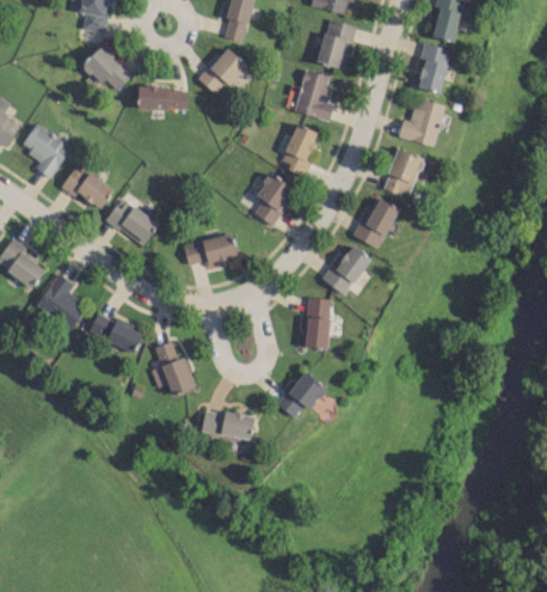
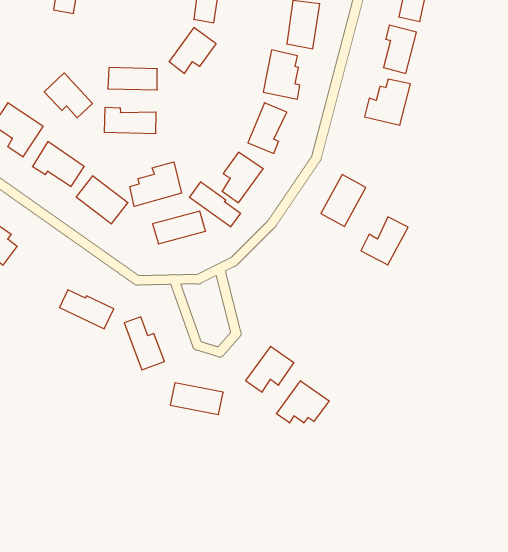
building: [82,45,131,91] -> [44,73,92,118]
building: none -> [105,107,156,134]
building: [383,149,422,196] -> none
building: none -> [130,162,182,206]
building: none -> [189,182,241,227]
building: [321,245,369,294] -> [361,217,408,265]
building: [36,274,87,329] -> none
building: [306,298,330,348] -> none
building: none -> [276,381,329,423]

